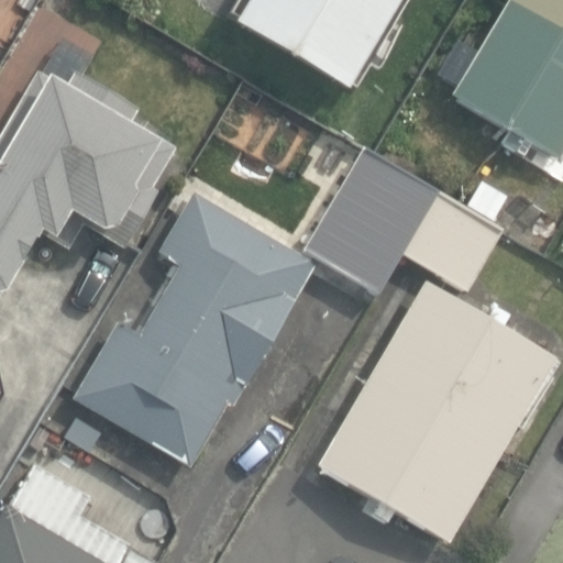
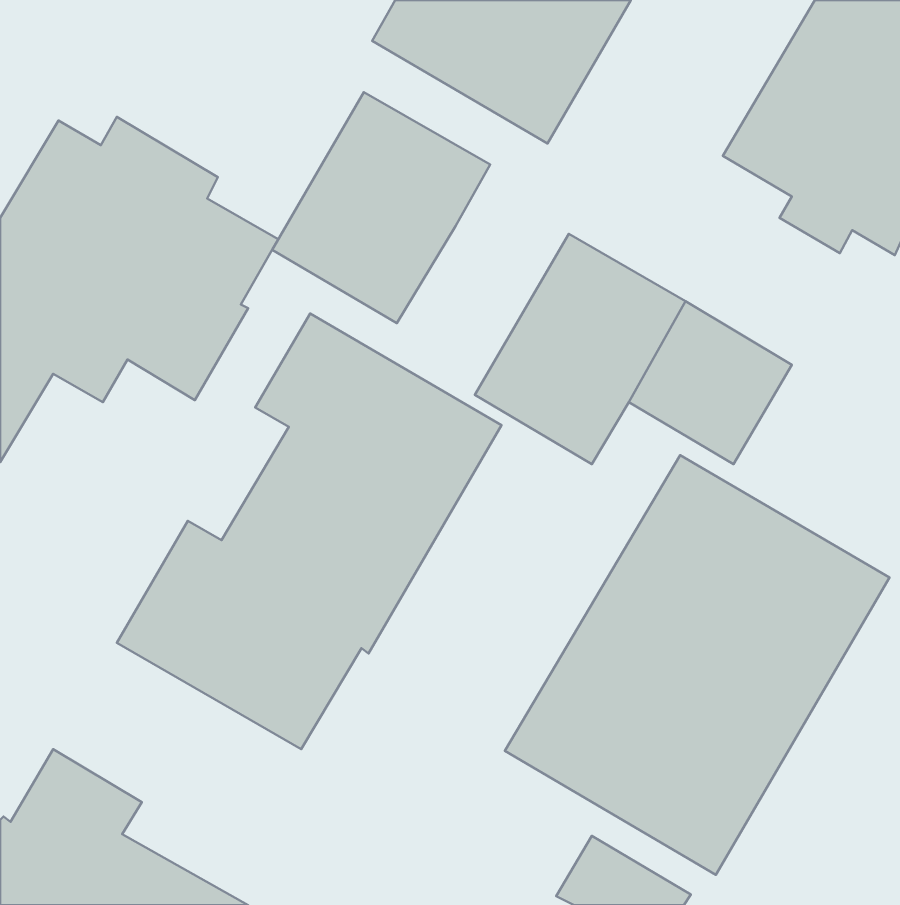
building: none -> [272,92,490,323]

